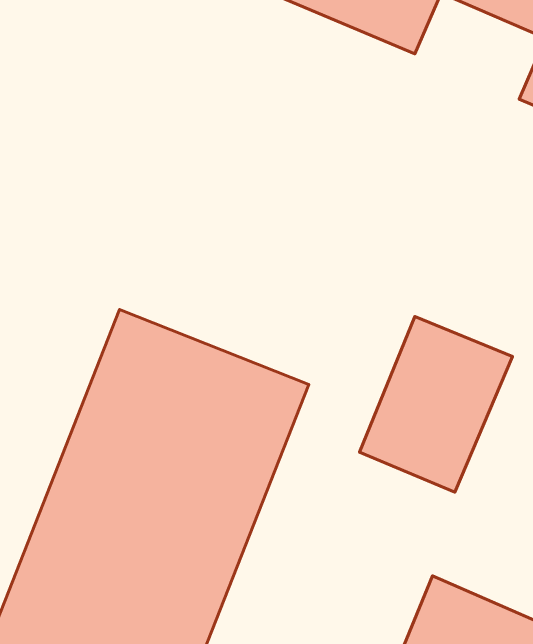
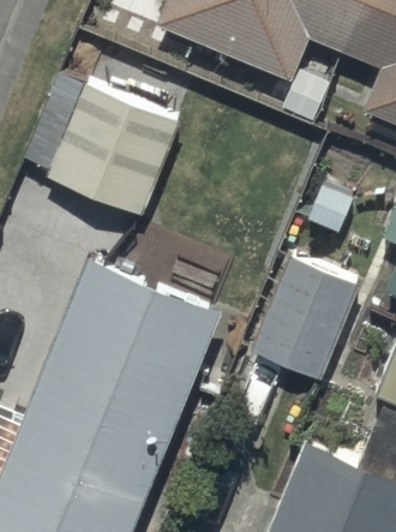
building: none -> [50,80,182,214]

